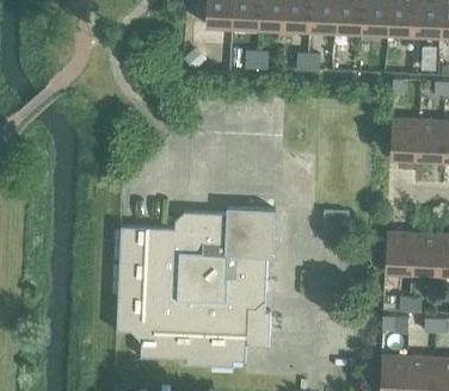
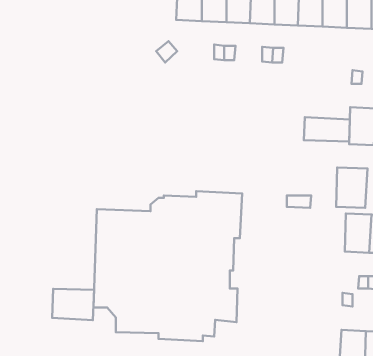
building: none -> [304,117,350,142]
building: none -> [336,167,367,208]
building: none -> [52,289,94,320]

